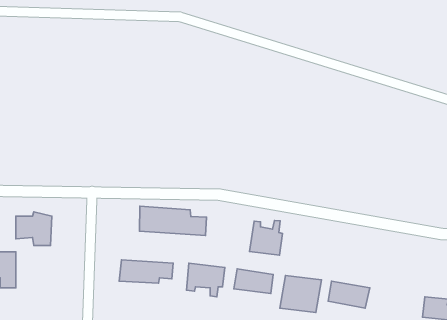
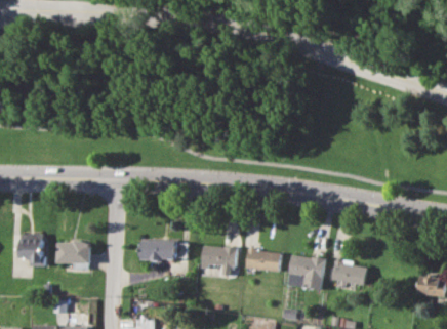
building: [139,206,207,235] -> none
building: [16,212,52,245] -> [57,239,90,270]
building: [249,221,282,255] -> none

